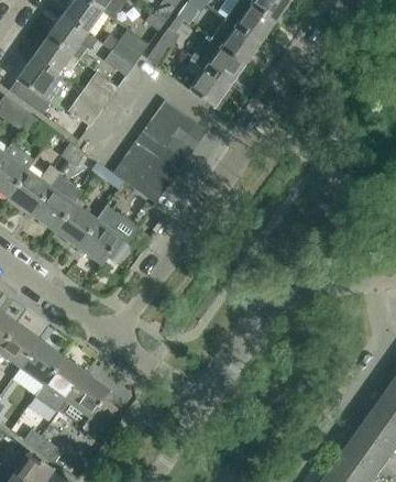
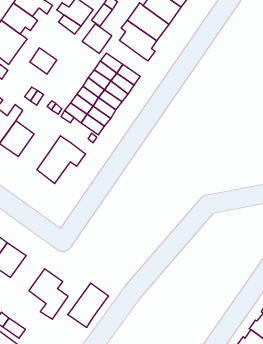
building: [79,72,117,109] -> [82,24,112,53]
building: [53,202,96,248] -> none
building: [34,357,86,413] -> [68,283,109,327]

